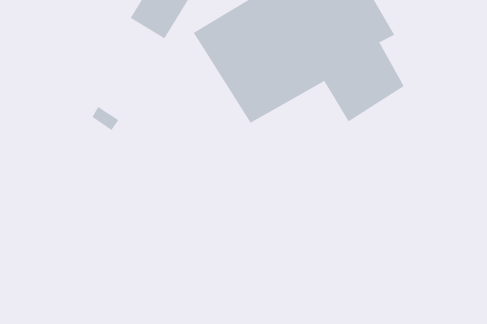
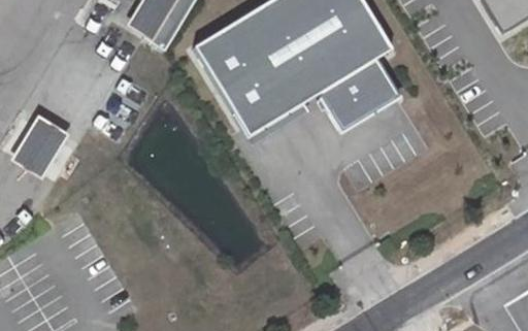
building: none -> [15,121,70,180]

